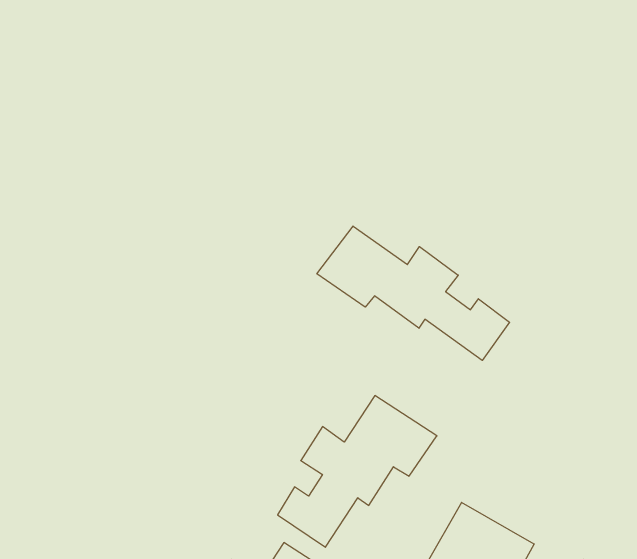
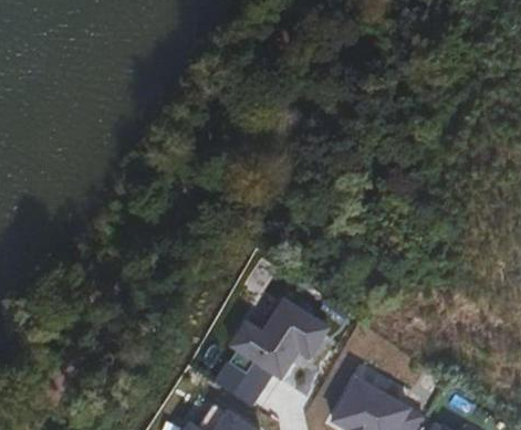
building: [317,226,510,360] -> none

